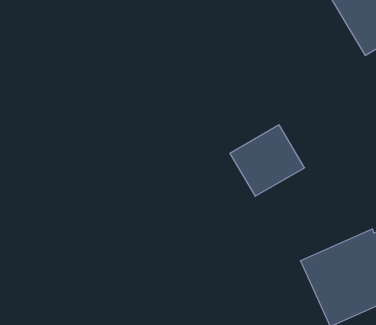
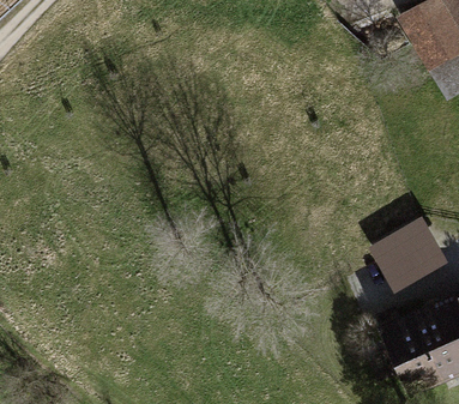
building: [230,125,305,196] -> [367,217,448,295]

